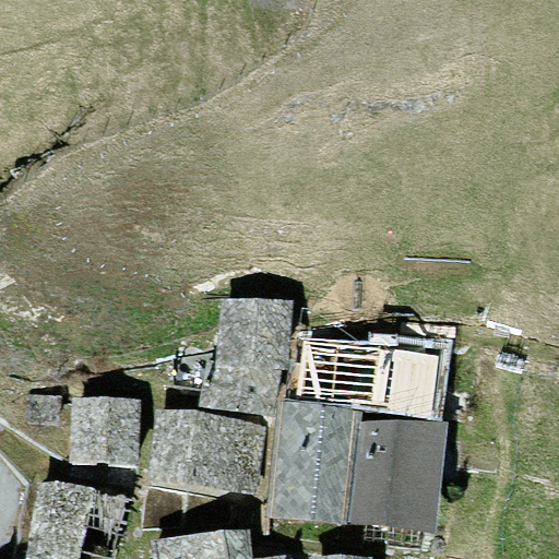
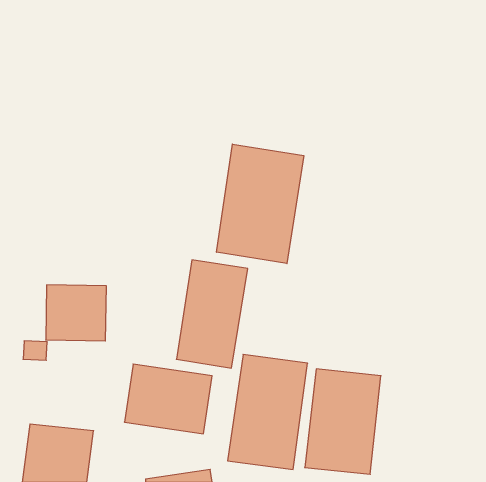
building: none -> [217,144,304,264]
building: [310,337,442,412] -> none
building: [73,396,142,460] -> [46,285,106,341]

